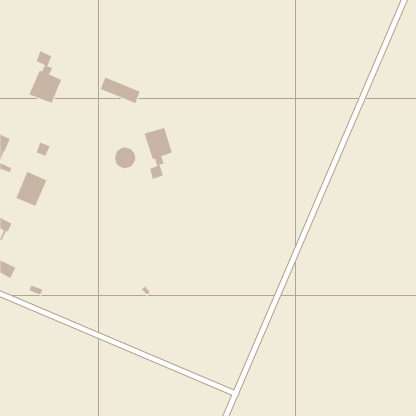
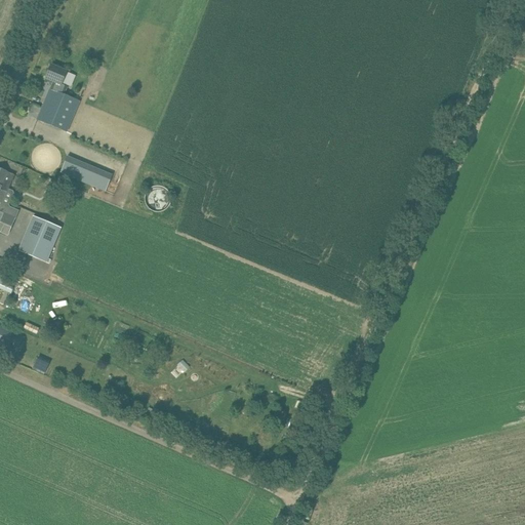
building: [100,77,141,104] -> [59,156,111,190]
building: [144,127,173,180] -> none

